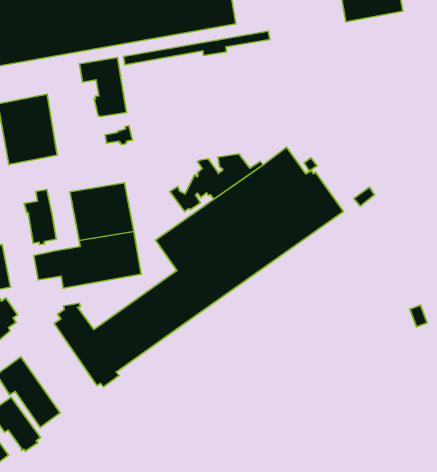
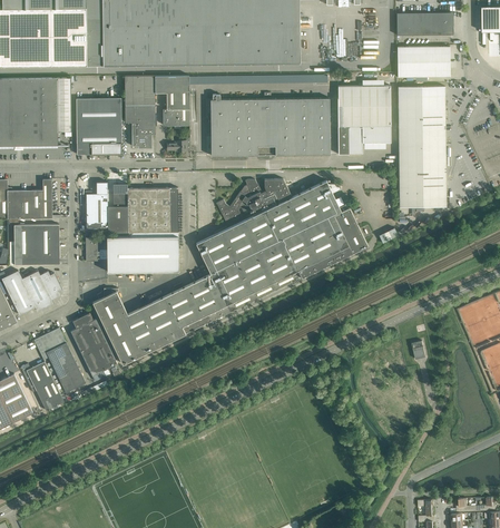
building: none -> [398,86,447,206]
building: none -> [339,85,391,154]
building: none -> [208,94,331,155]
building: none -> [125,75,156,147]
building: none -> [108,183,128,232]
building: none -> [70,312,118,380]

